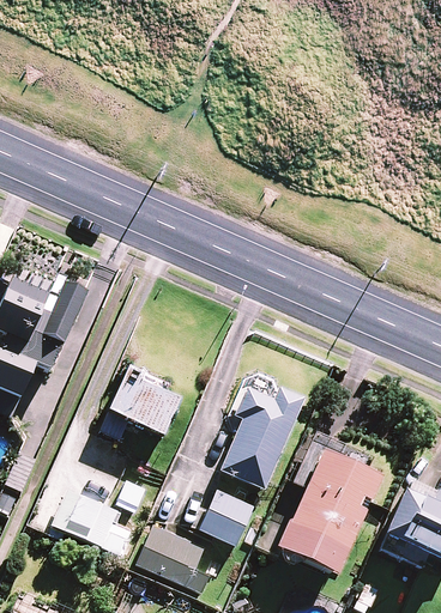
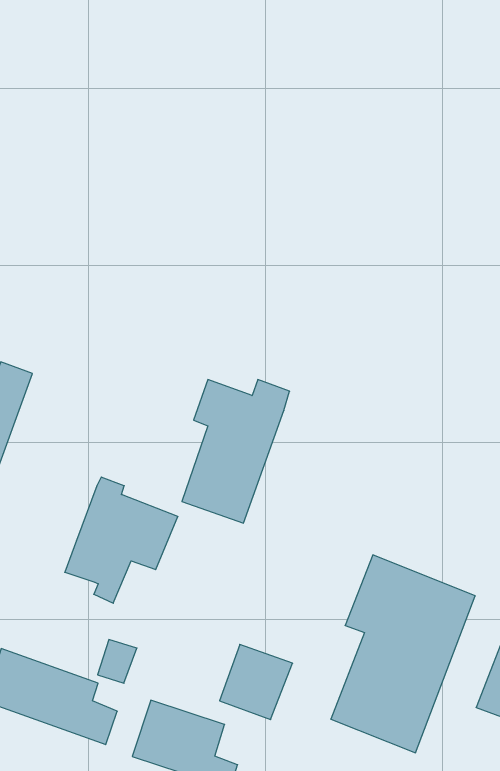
building: [220,387,301,488] -> [182,380,290,523]

